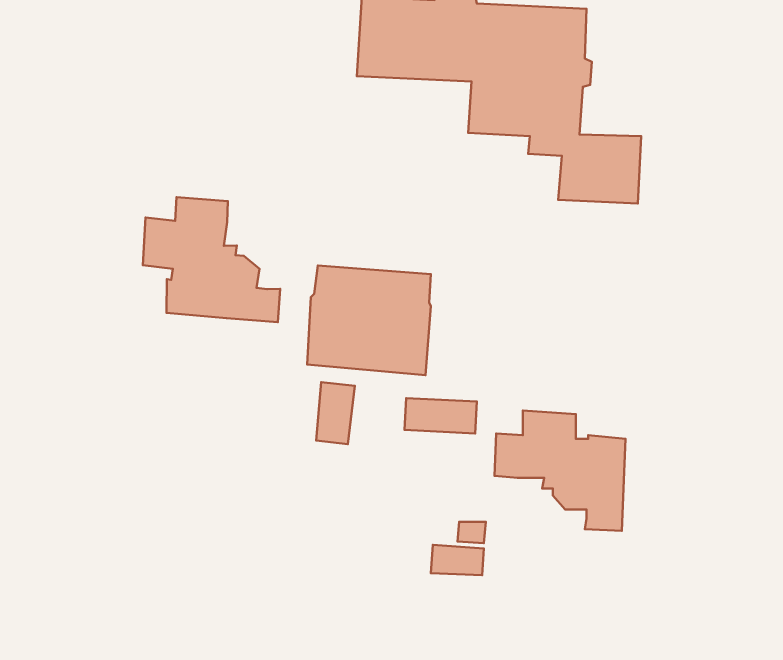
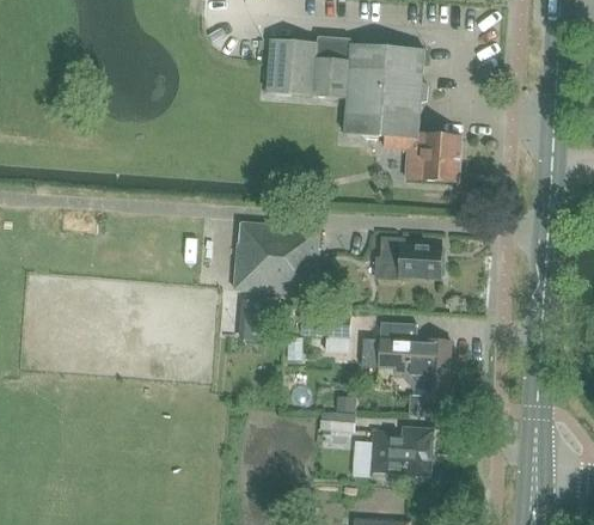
building: [143,197,280,322] -> none
building: none -> [374,236,443,277]
building: none -> [371,427,433,474]

